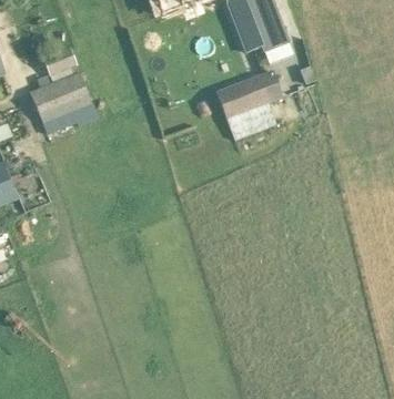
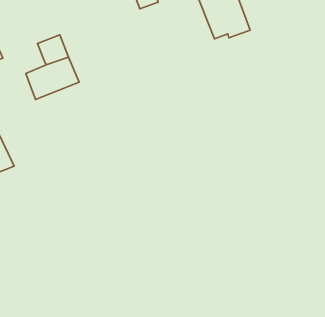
building: [215,71,283,141] -> none

